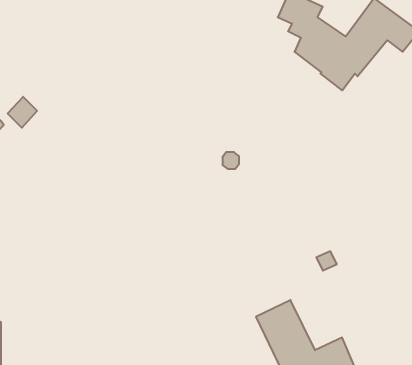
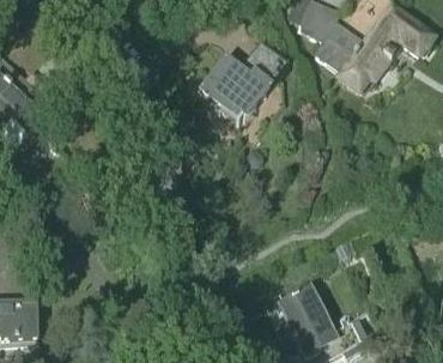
building: none -> [201,42,285,122]

